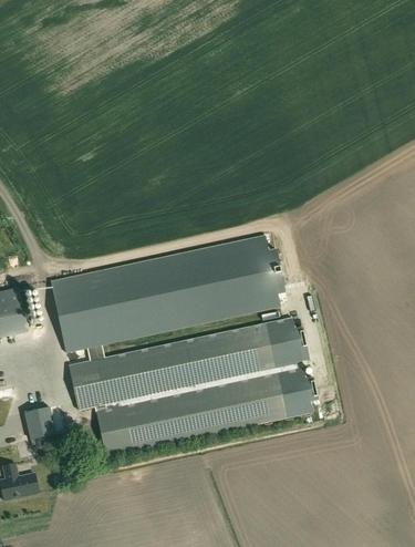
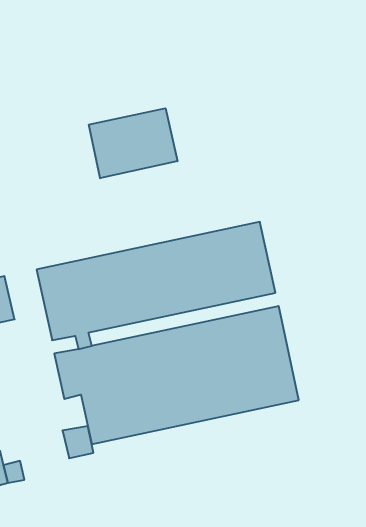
building: none -> [89,108,177,178]
building: [25,407,56,440] -> [62,426,93,458]

